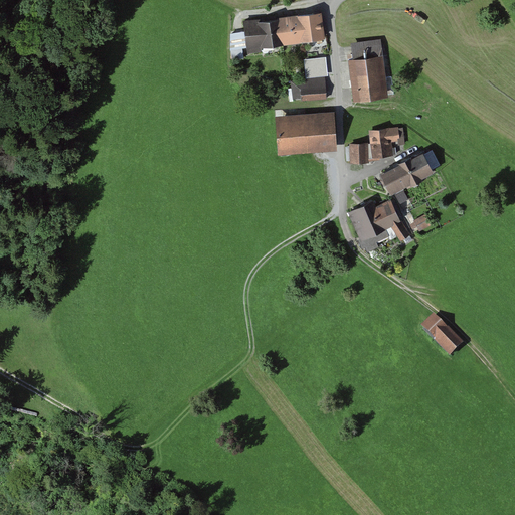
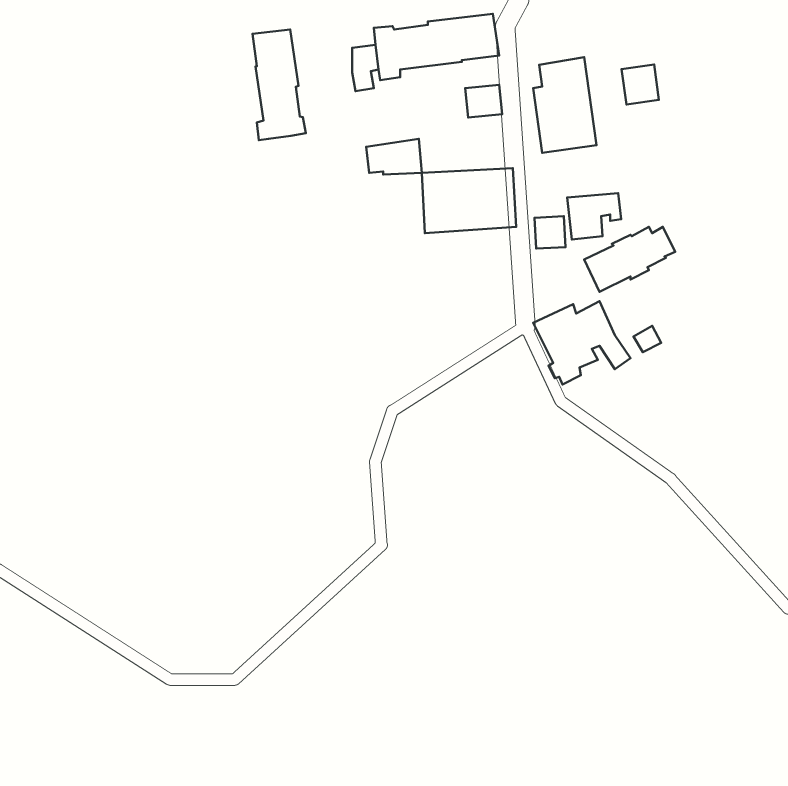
building: none -> [252,29,306,140]
building: none -> [621,65,659,105]
building: [290,77,326,101] -> [366,139,422,174]
building: [420,314,463,356] -> none

